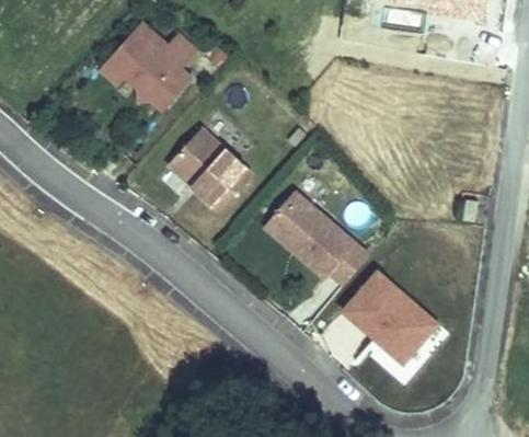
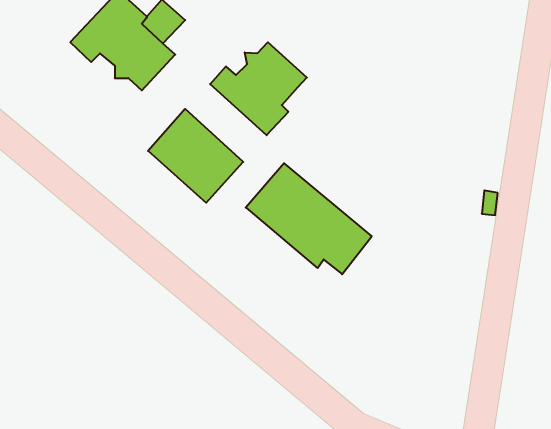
building: none -> [210,42,307,135]
building: [326,261,444,373] -> none

